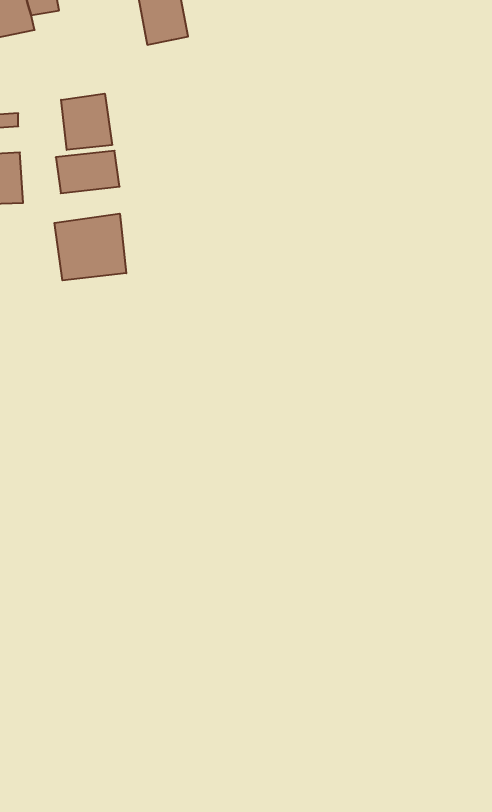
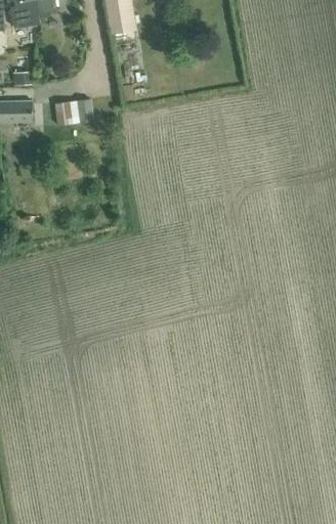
building: [61,94,112,150] -> none
building: [54,214,126,280] -> none

